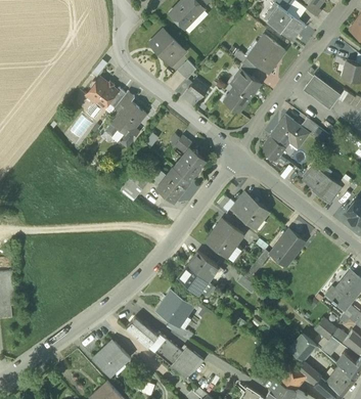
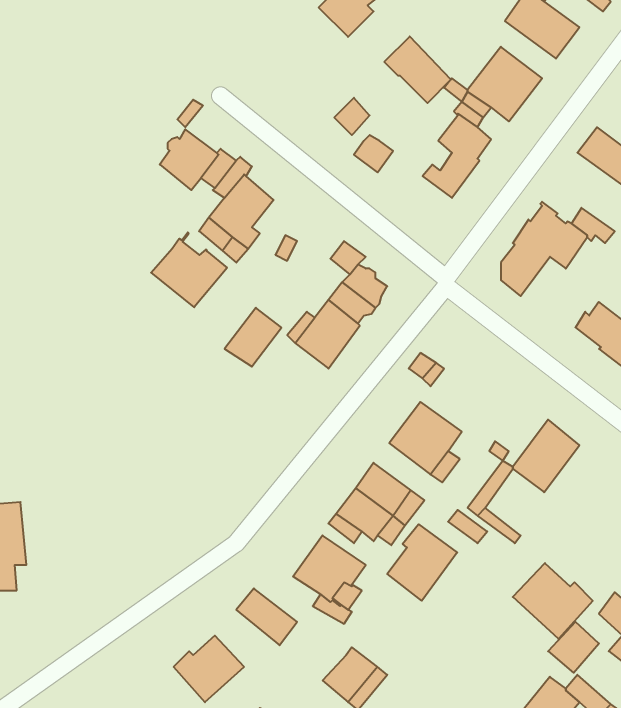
building: [149,30,184,64] -> [384,36,451,103]
building: none -> [151,232,227,307]
building: [232,193,268,227] -> none
building: none -> [387,524,457,601]
building: none -> [513,563,593,639]
building: [148,331,183,364] -> none

